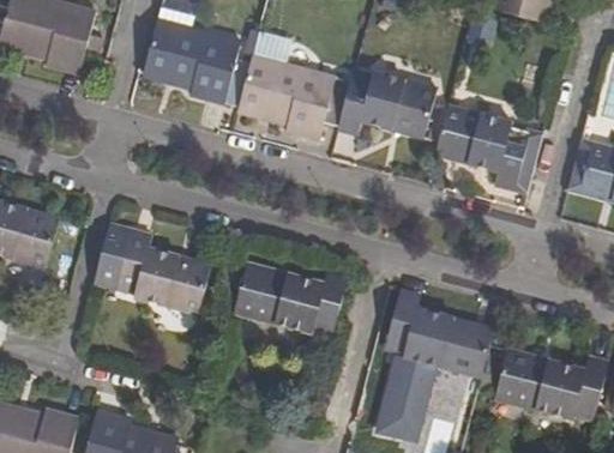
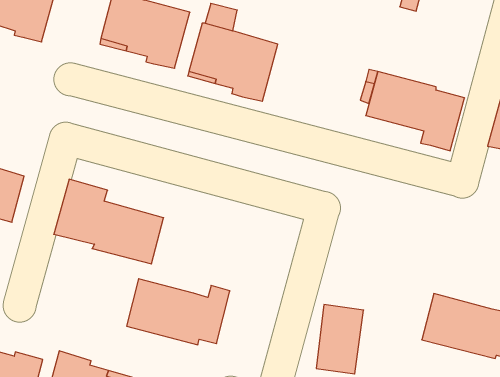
building: [336,68,437,137] -> none
building: [234,261,347,333] -> [127,279,230,345]
building: [385,292,495,375] -> none

